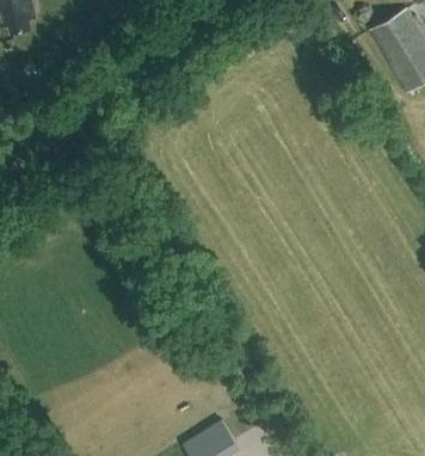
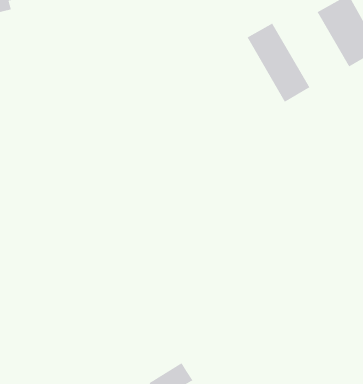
building: none -> [247,23,311,103]

